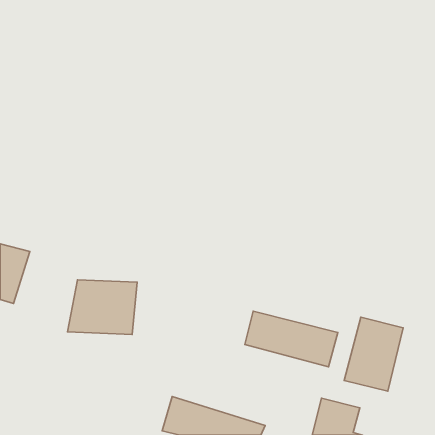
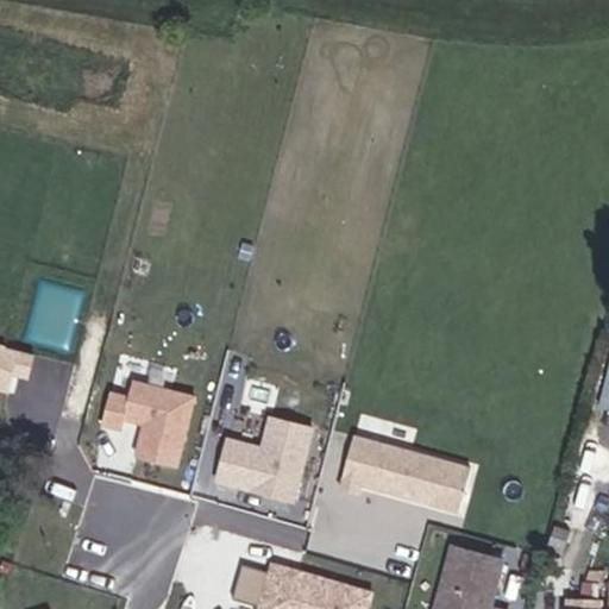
building: none -> [211,417,308,526]
building: [344,317,403,391] -> none

